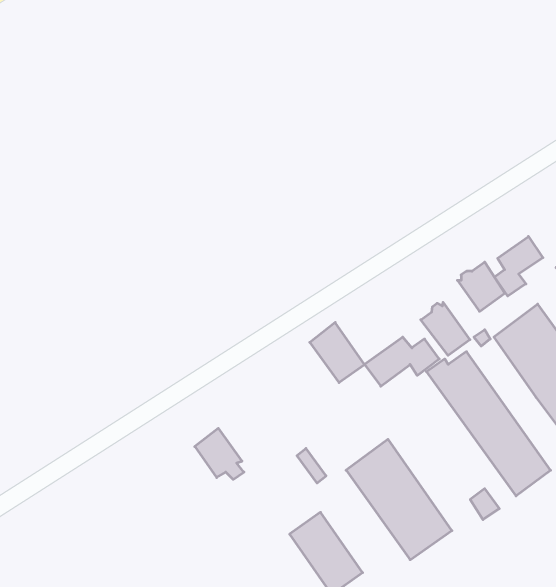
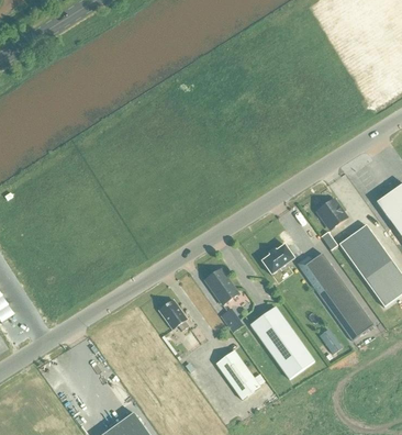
building: [494,236,543,296] -> none
building: [421,302,470,355] -> none
building: [310,322,364,383] -> [204,268,237,304]

